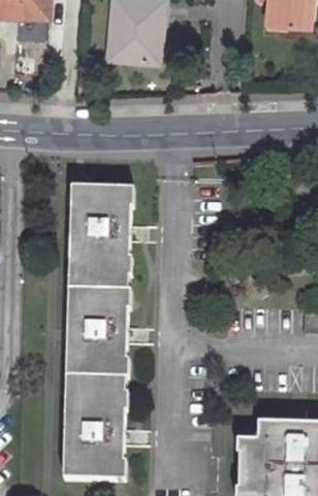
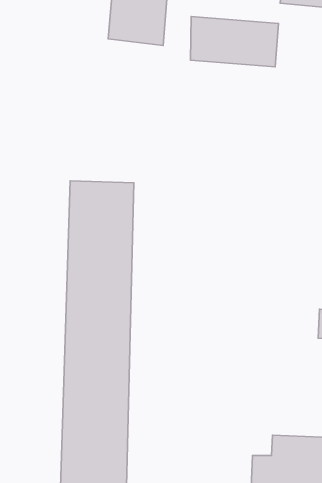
building: none -> [190,16,279,67]

